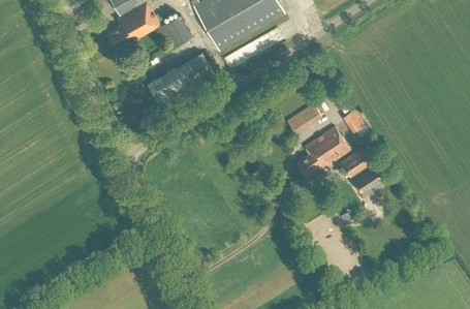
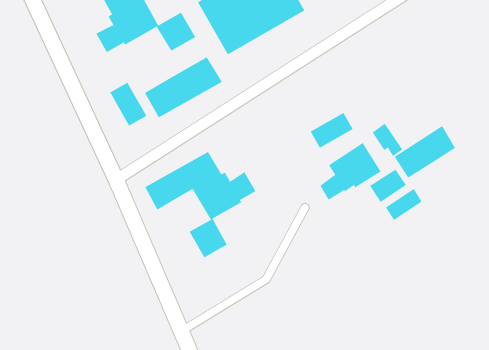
building: none -> [109,82,147,127]
building: none -> [394,125,456,179]
building: none -> [144,151,256,258]

